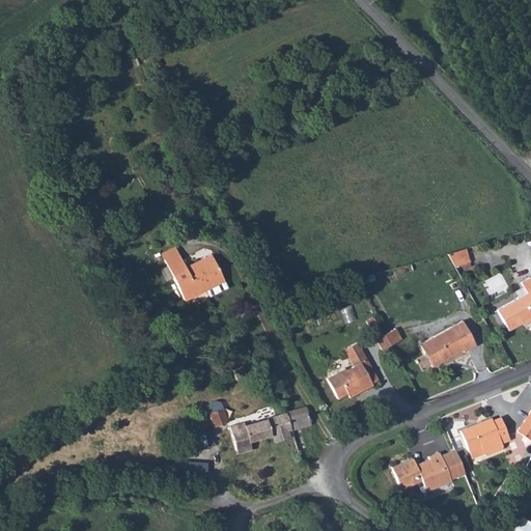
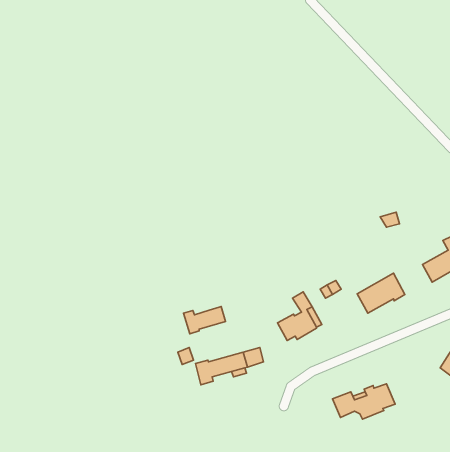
building: [166,253,225,301] -> none
building: none -> [183,307,225,334]
building: [462,418,509,455] -> none

